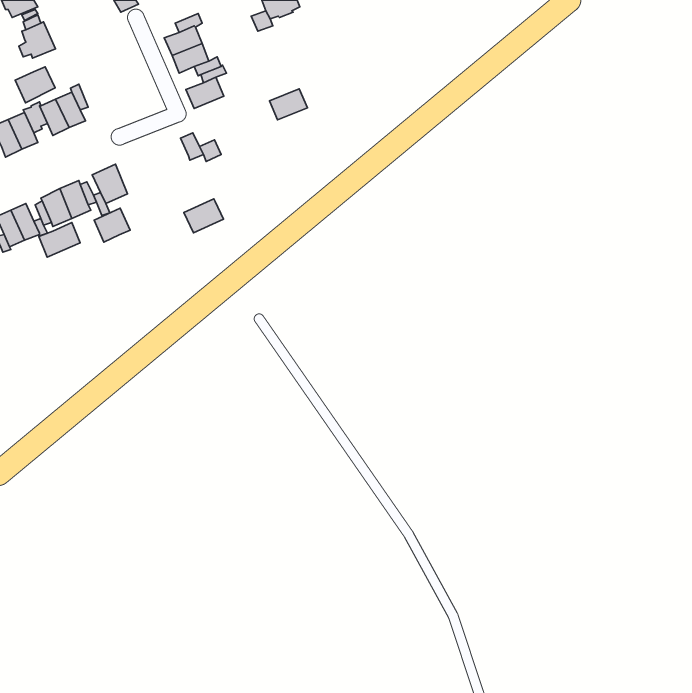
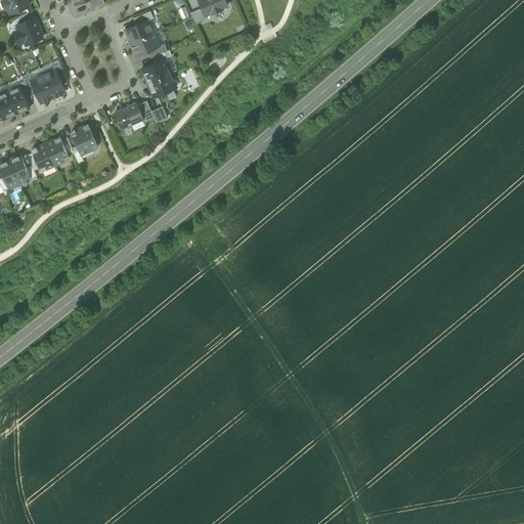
building: [15,67,55,103] -> none
building: [269,89,307,120] -> [146,73,175,96]
building: [184,199,223,233] -> [113,102,142,128]
building: [94,208,130,242] -> none
building: [39,223,80,257] -> none

